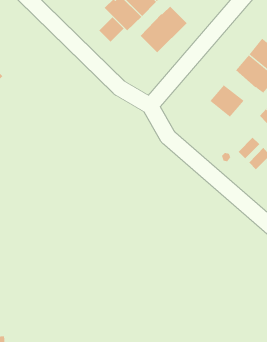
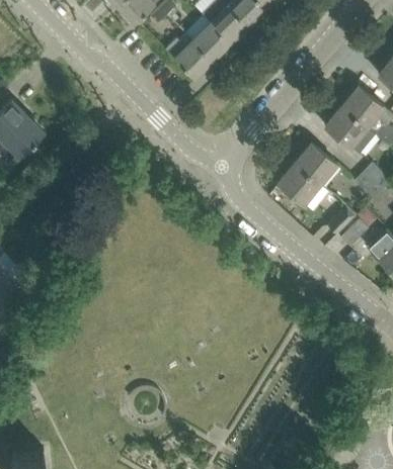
building: [140,6,188,53] -> none
building: [99,17,125,43] -> none
building: none -> [277,163,318,203]

